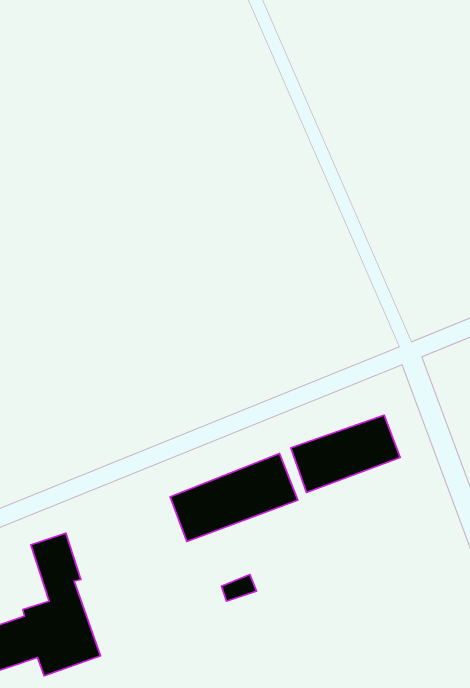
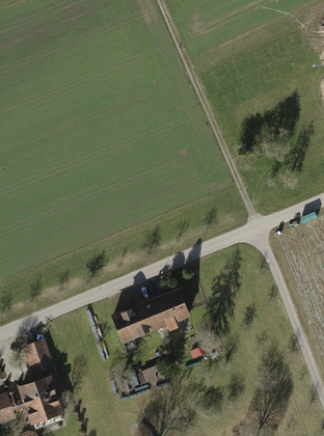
building: [291,415,400,492] -> none

